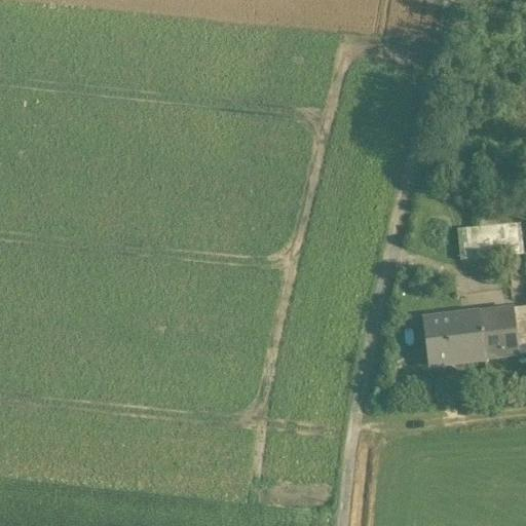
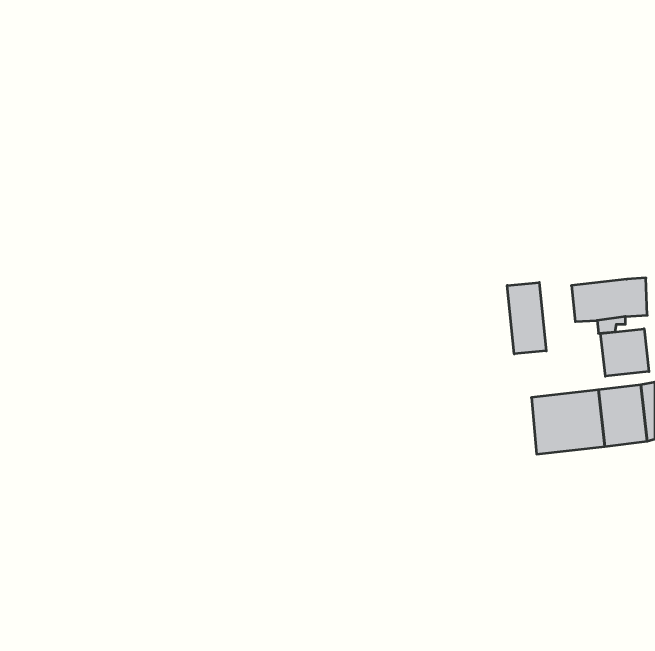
building: none -> [507,282,546,354]
building: none -> [601,329,649,376]

